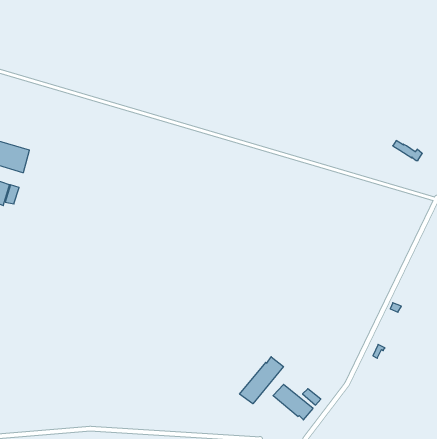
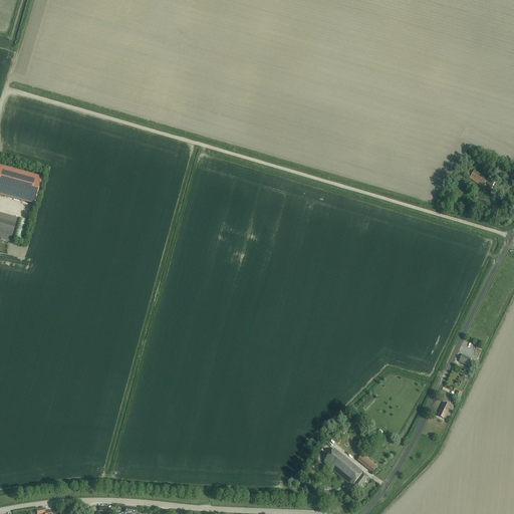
building: [240,357,283,404] -> none

